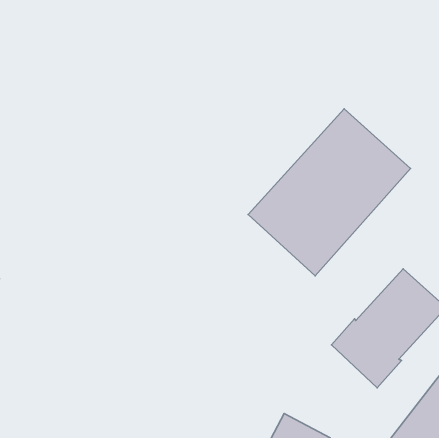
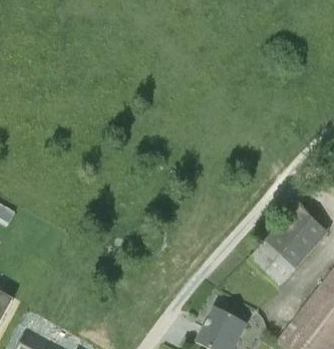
building: [248,109,411,276] -> none

